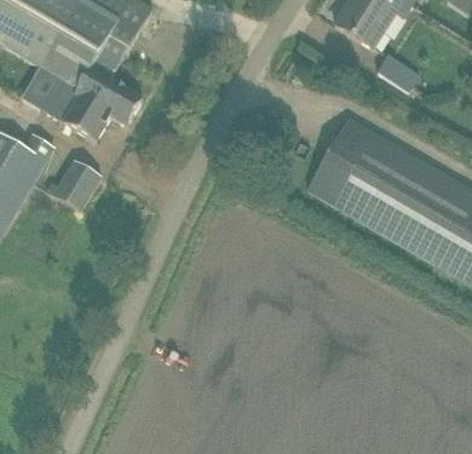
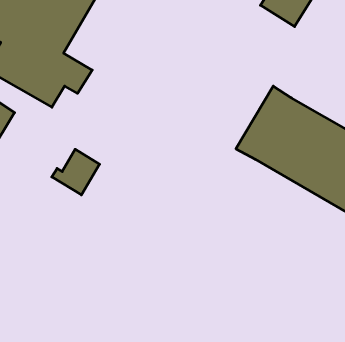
building: [376,52,421,91] -> none
building: [46,159,100,211] -> [52,149,100,195]

